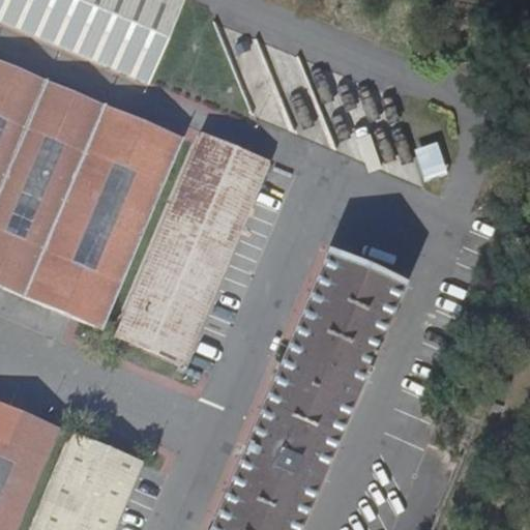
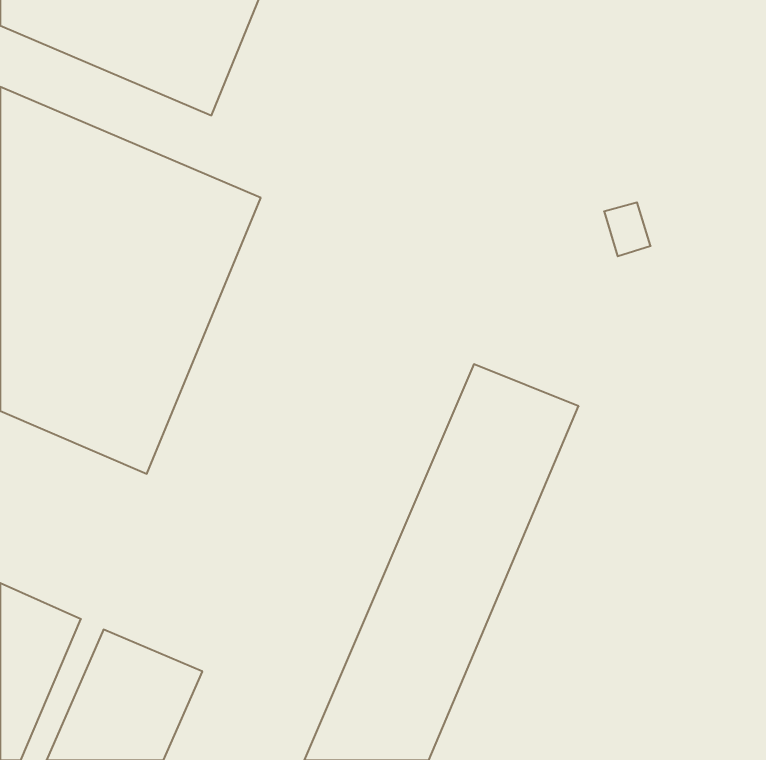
building: [114,132,267,361] -> none

